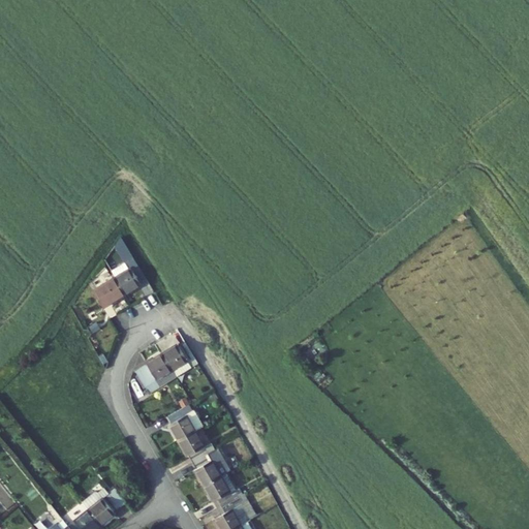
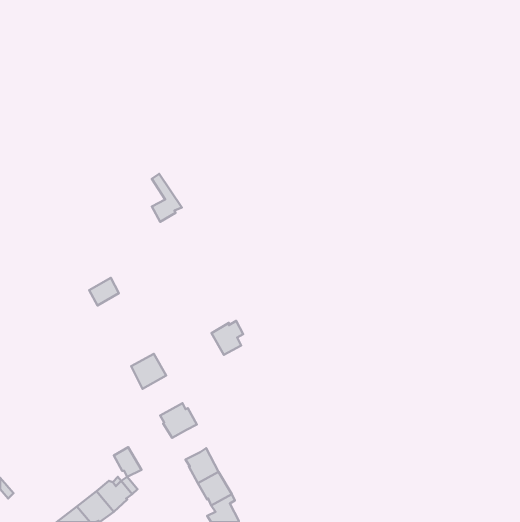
building: [116,247,146,295] -> [152,174,182,222]
building: [159,344,191,378] -> [211,321,243,355]
building: [178,433,206,463] -> [114,447,142,477]

